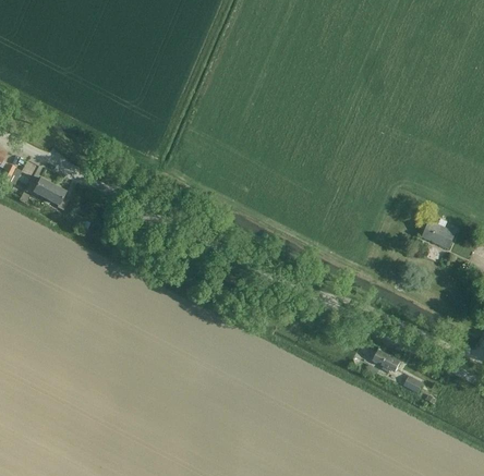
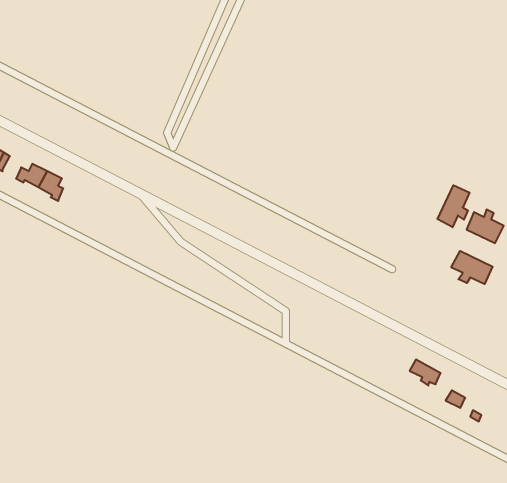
building: none -> [437,185,470,227]
building: none -> [451,251,493,284]

